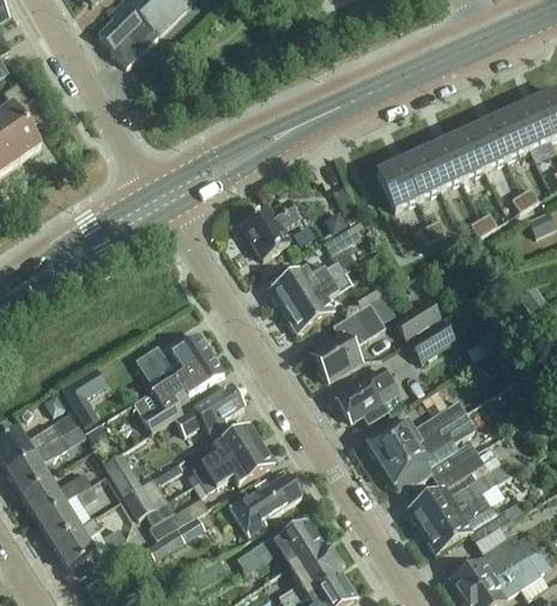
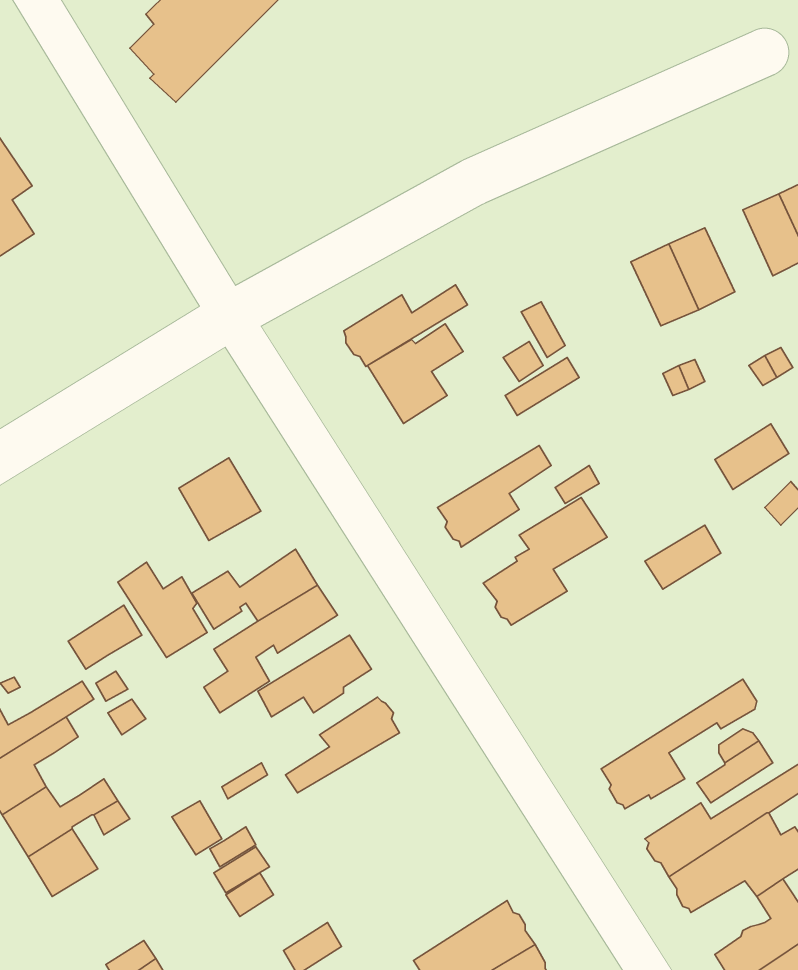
building: [444,131,485,180] -> none
building: [377,162,418,211] -> none
building: [271,260,345,309] -> [344,285,468,367]
building: none -> [179,458,261,540]
building: [396,299,441,339] -> [715,424,789,490]
building: none -> [118,562,207,657]
building: [337,368,398,420] -> none
building: [367,406,467,466] -> none
building: [200,444,273,492] -> none
building: [105,452,141,495] -> none
building: [229,473,302,535] -> none
building: [53,516,127,568] -> none
building: [236,520,326,581] -> none

